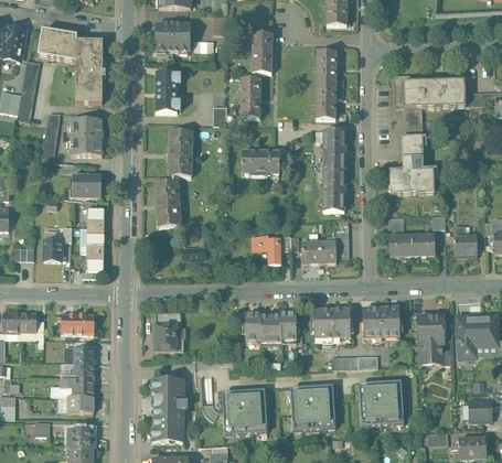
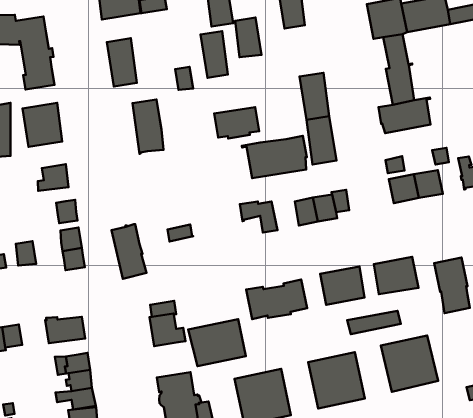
building: [316,85,335,119] -> [235,18,261,57]
building: [156,180,181,227] -> [112,224,147,279]
building: none -> [242,136,307,178]
building: none -> [188,319,246,366]

